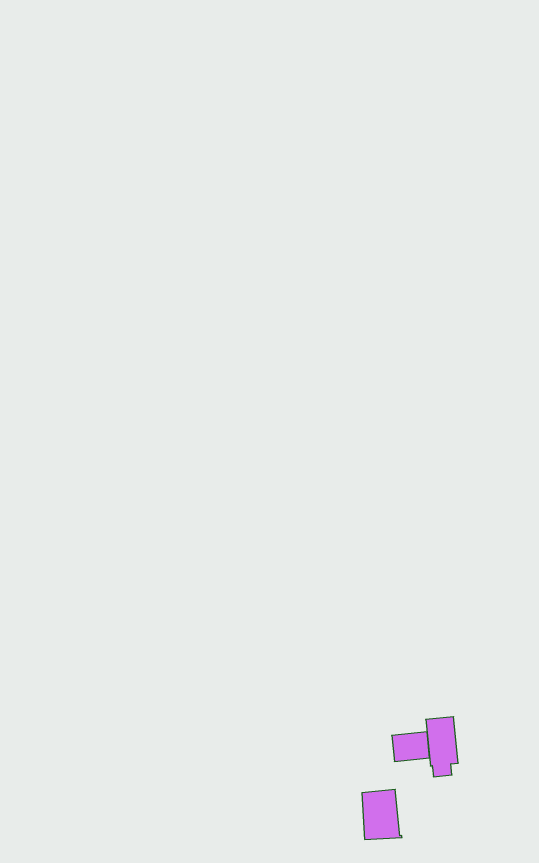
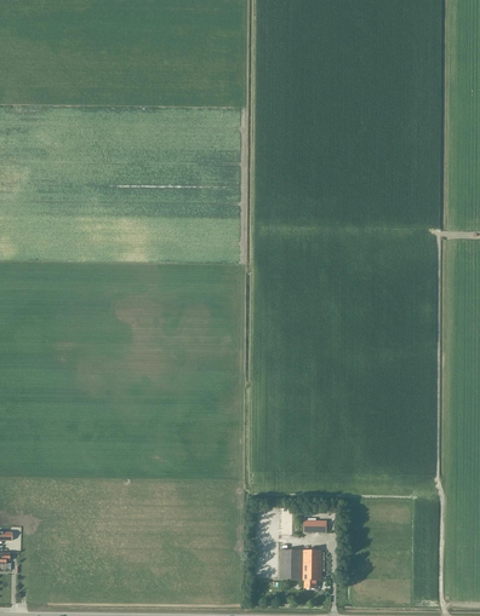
building: [426,717,458,777] -> [303,549,321,587]

